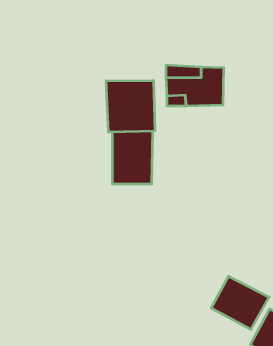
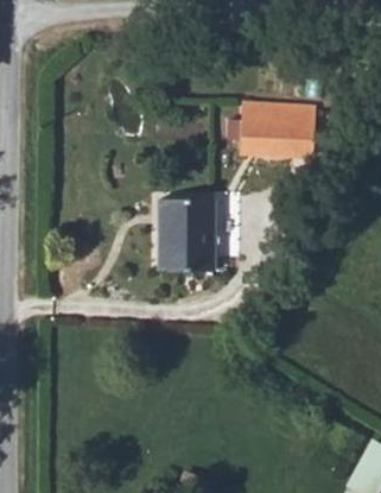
building: [106,80,155,132] -> none
building: [211,276,269,330] -> none

